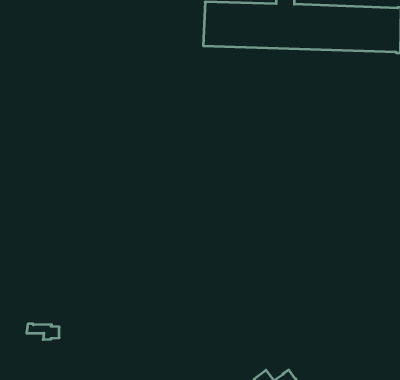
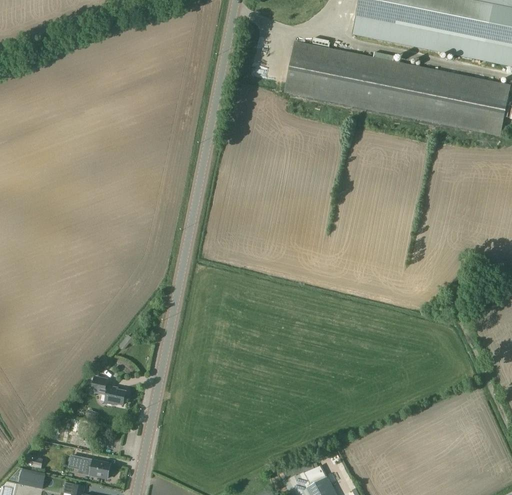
building: [27,324,59,340] -> [87,381,124,402]

